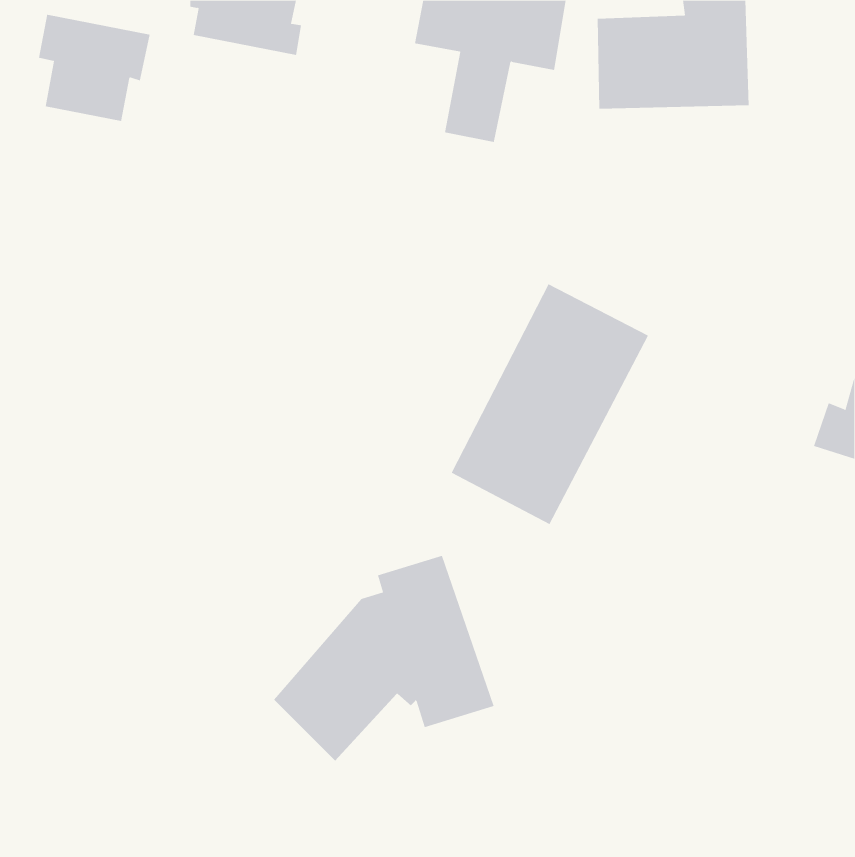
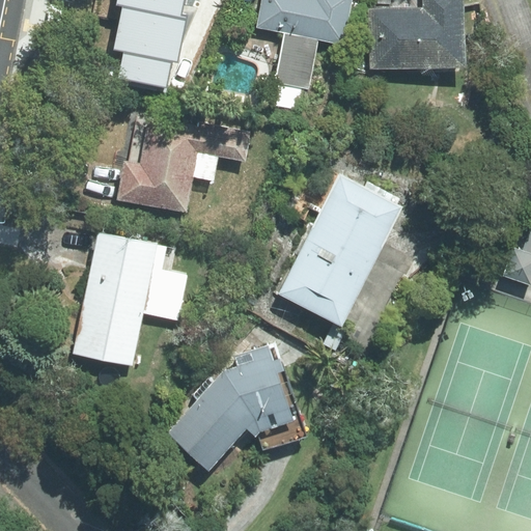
building: [38,14,150,122] -> [114,22,184,88]
building: none -> [117,113,249,211]
building: none -> [71,230,188,367]

